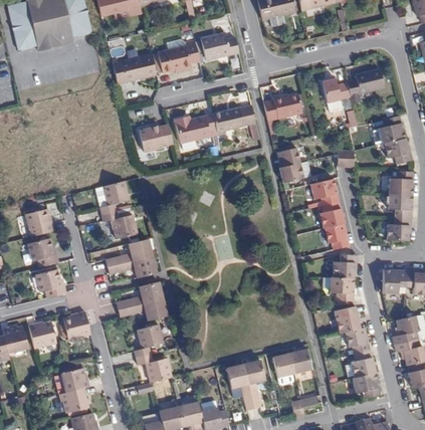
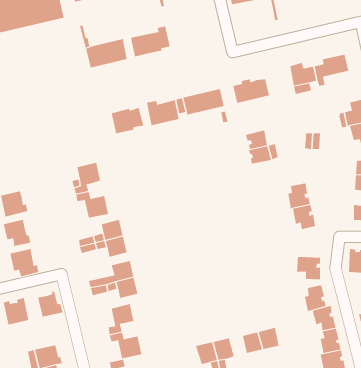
building: [201,33,239,60] -> none
building: [310,179,339,205] -> none
building: [332,254,357,278] -> none

